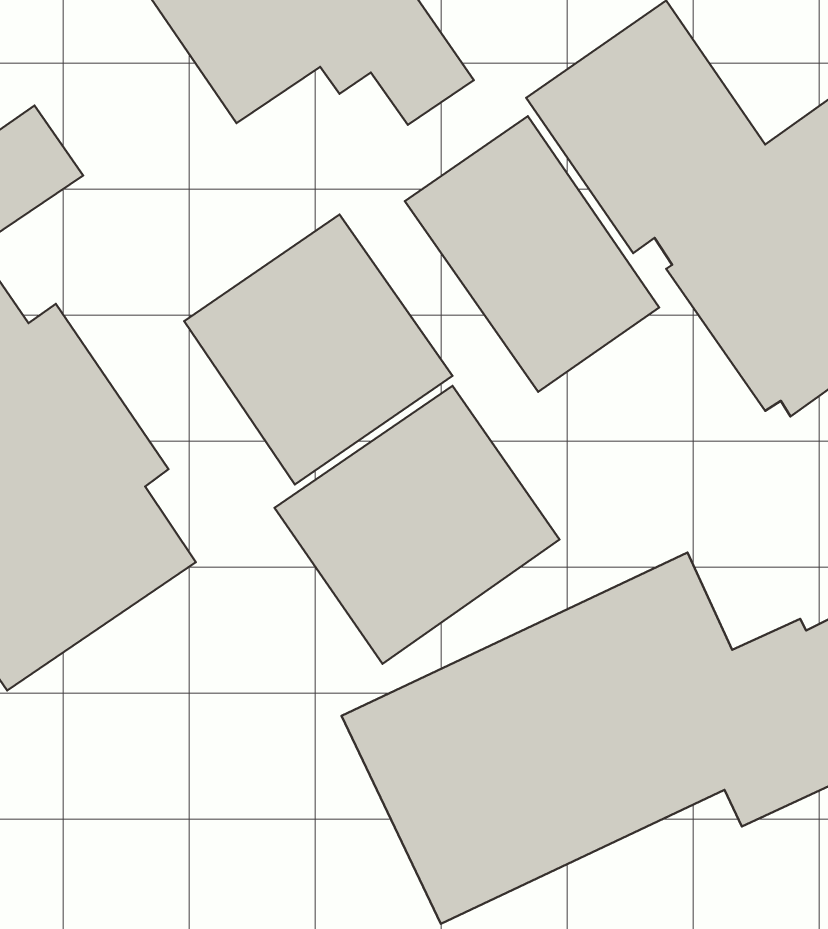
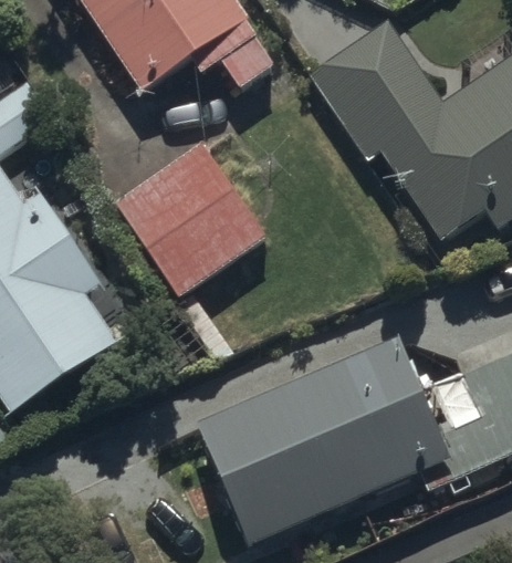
building: [405,116,659,392] -> none
building: [275,386,559,664] -> none

